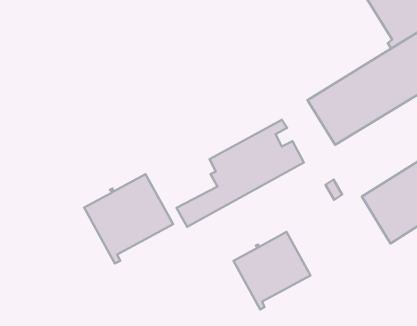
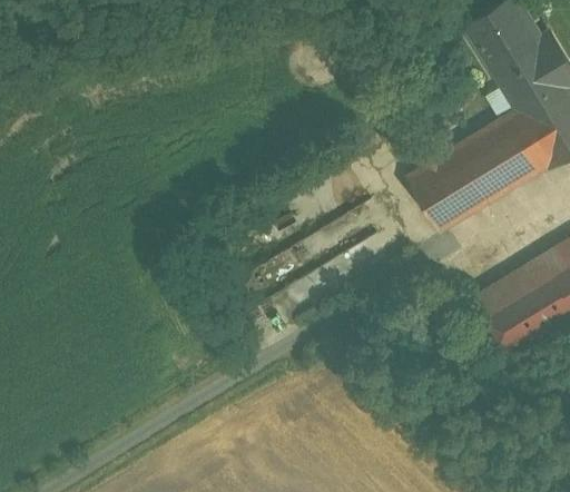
building: [84,174,173,263] -> none
building: [234,232,310,309] -> none

